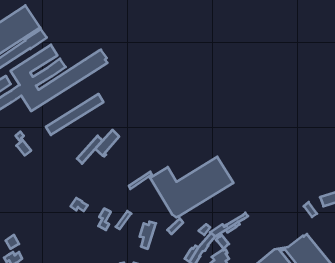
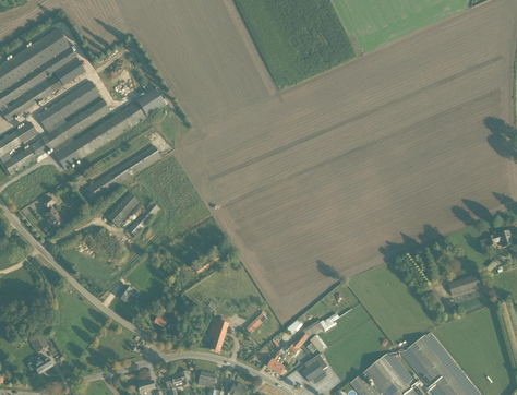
building: [95,130,119,156] -> [106,192,137,227]
building: [150,157,233,217] -> none

